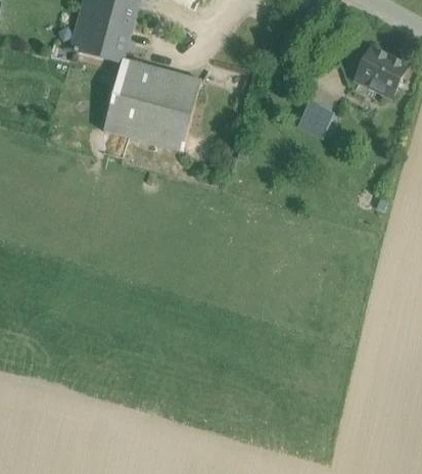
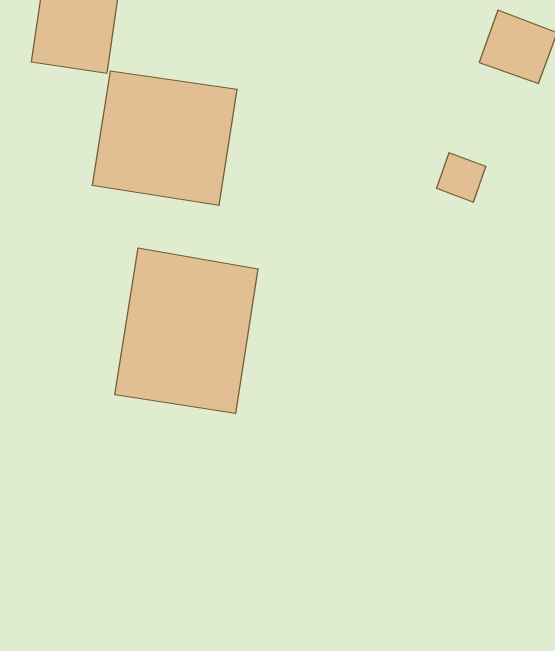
building: [298,102,331,135] -> [436,153,486,202]
building: none -> [115,248,258,414]

